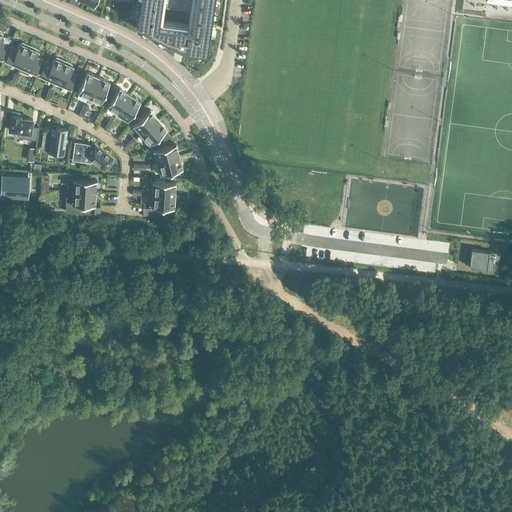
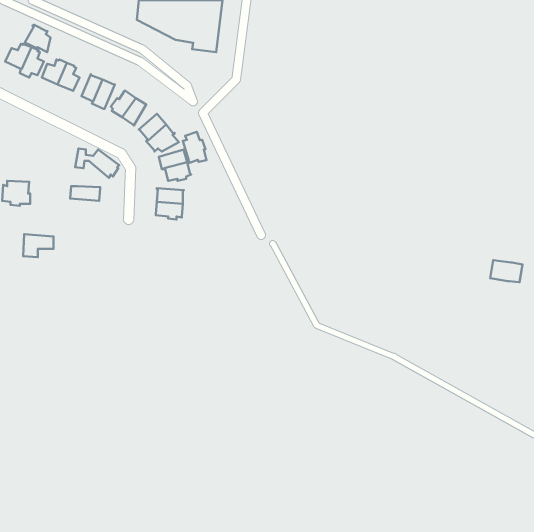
building: none -> [25,25,50,52]
building: [9,114,38,141] -> none
building: [41,127,68,155] -> none
building: none -> [183,132,206,163]
building: [66,192,95,214] -> [23,234,54,257]

